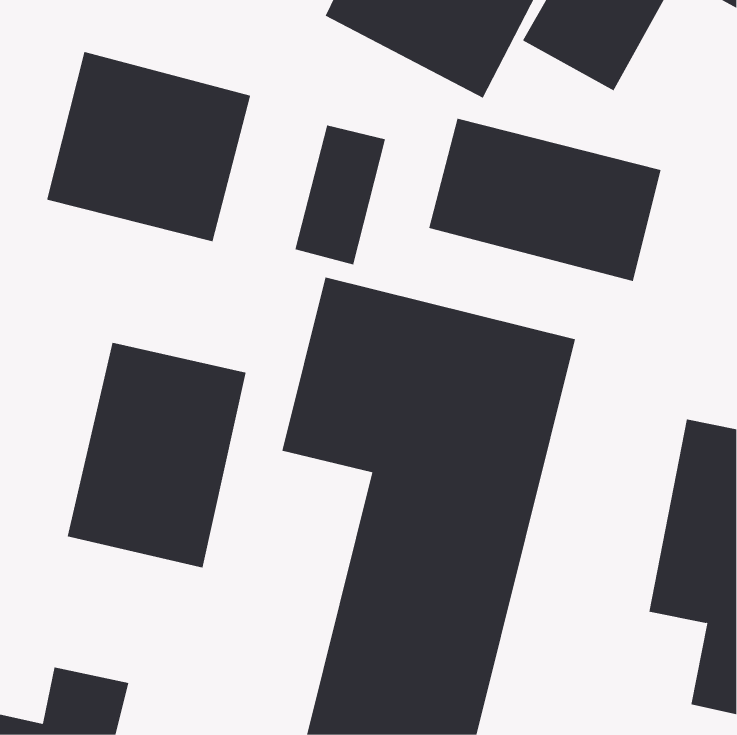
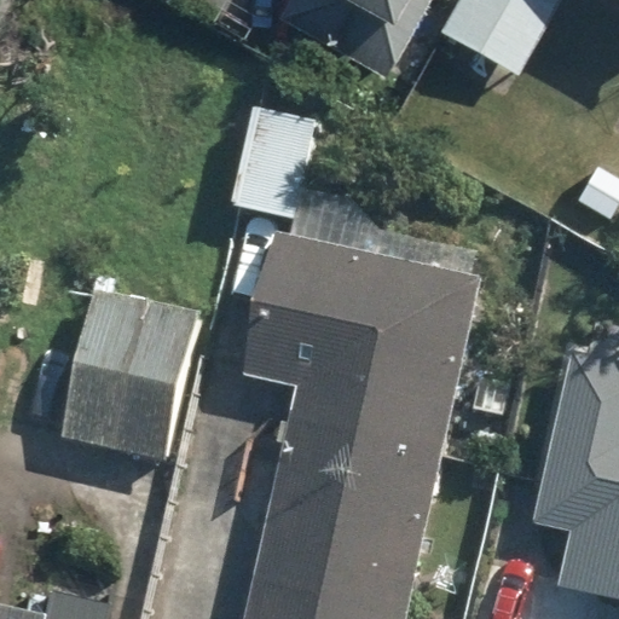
building: [47,51,251,242] -> none
building: [428,118,661,282] -> none

